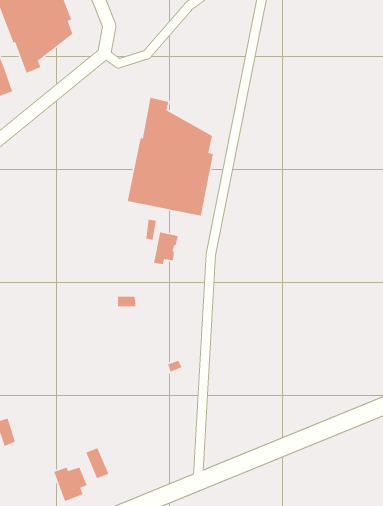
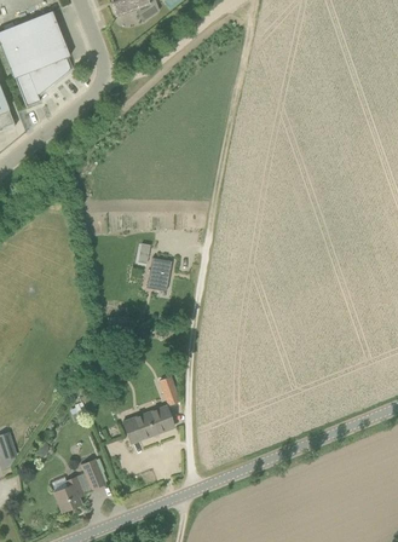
building: [127,97,214,217] -> none
building: none -> [123,405,173,443]

